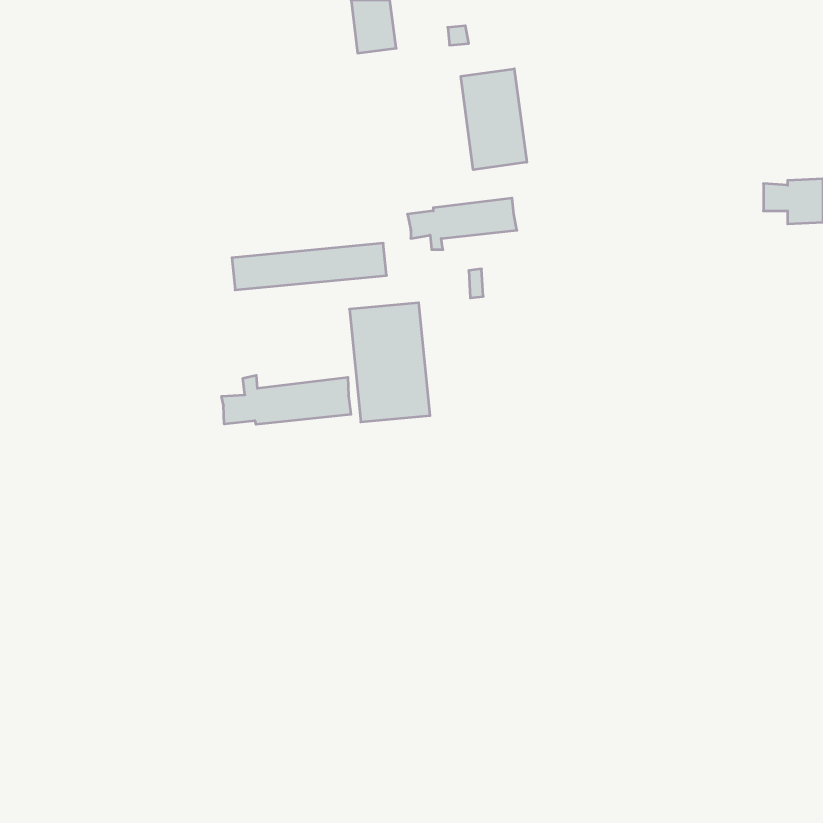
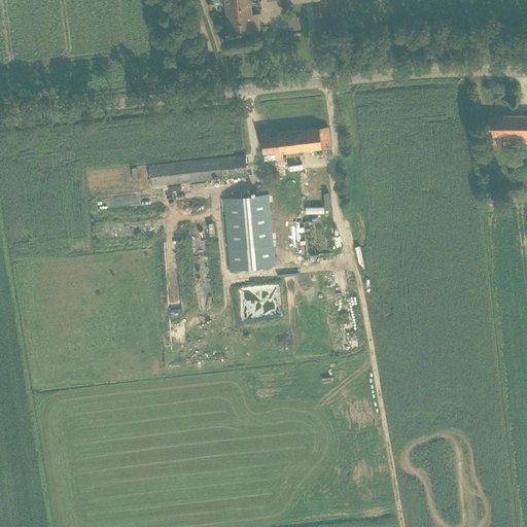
building: [461,69,527,170] -> none
building: [222,375,351,424] -> none

